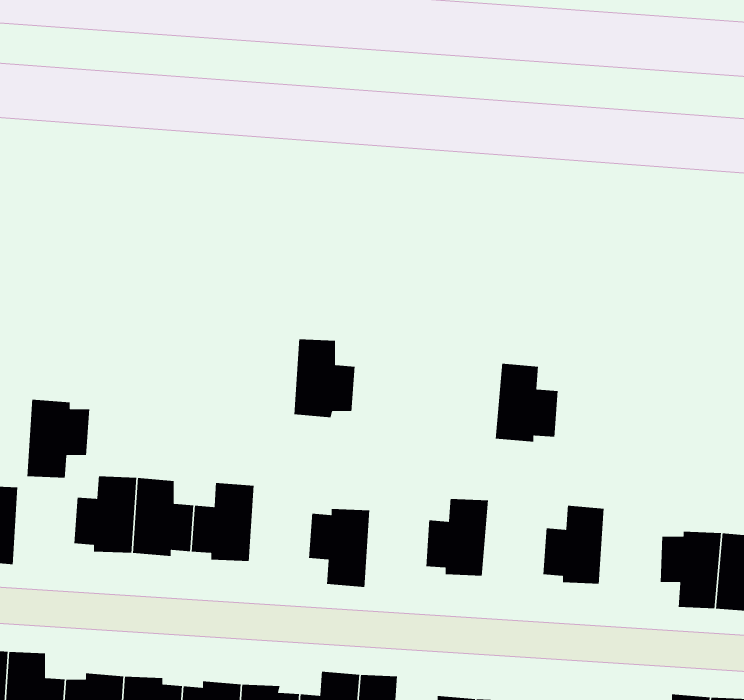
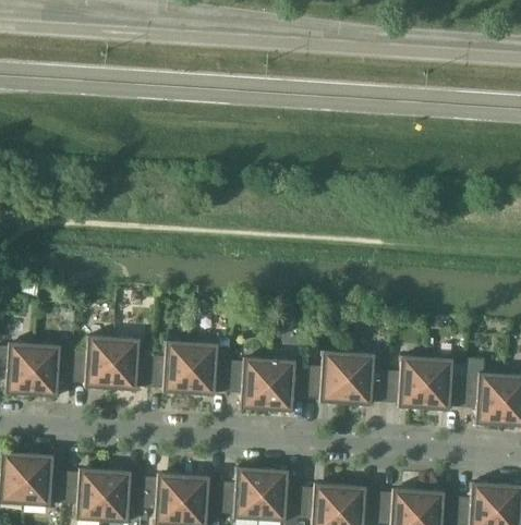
building: [294,338,355,418] -> [190,342,231,395]
building: [495,363,558,443] -> [346,352,388,405]
building: [27,399,90,478] -> [32,343,74,396]
building: none -> [424,357,465,411]
building: none -> [267,358,310,412]

